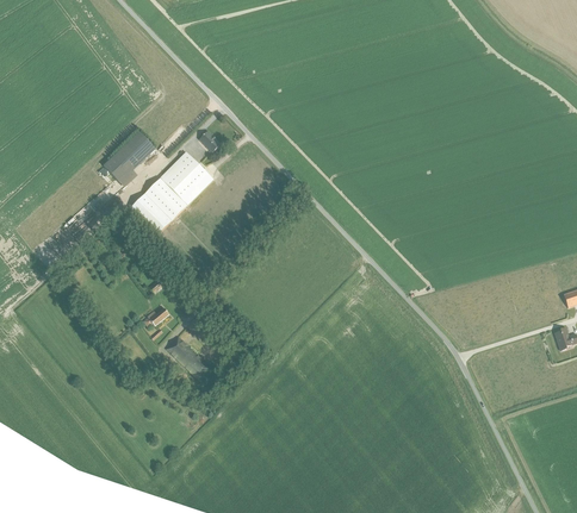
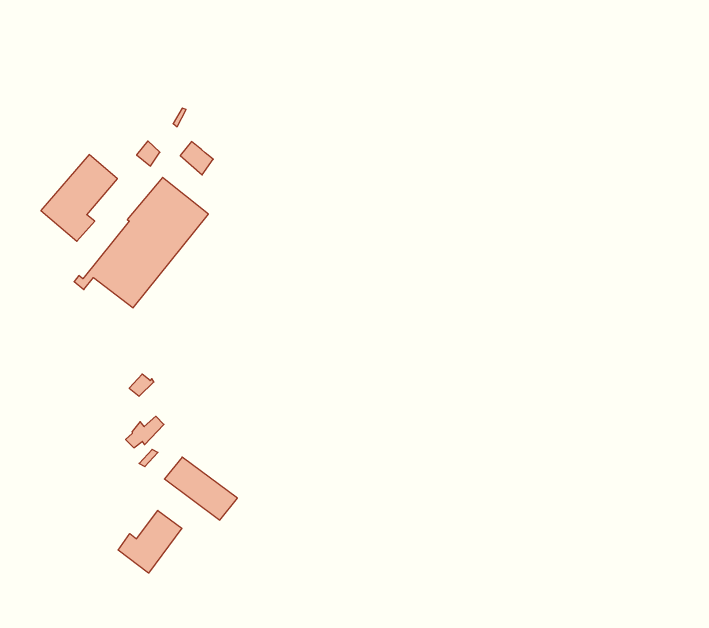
building: none -> [118,510,182,573]

